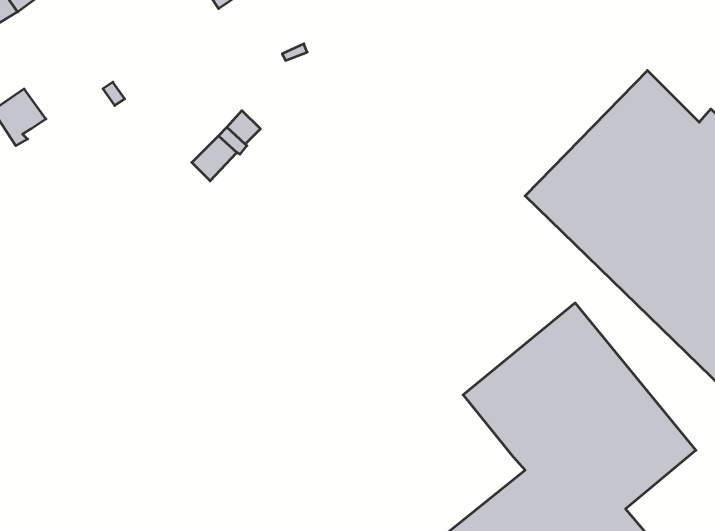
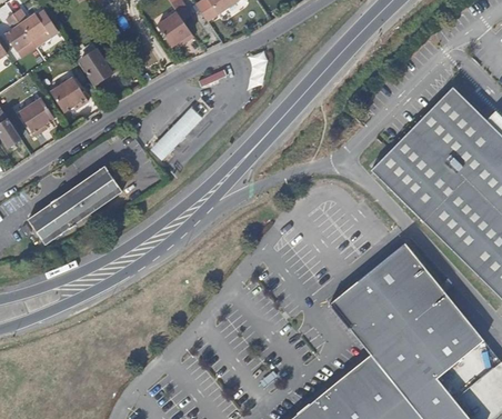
building: none -> [79,49,112,84]
building: none -> [50,77,88,112]
building: none -> [29,167,123,246]

